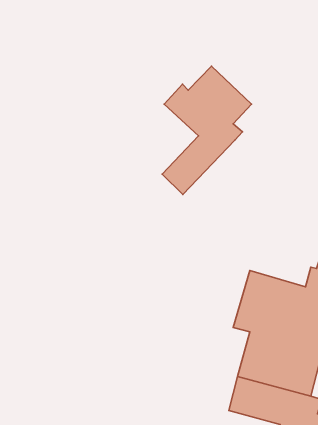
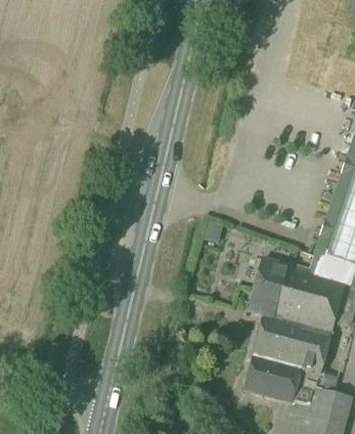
building: [162,66,252,194] -> none

